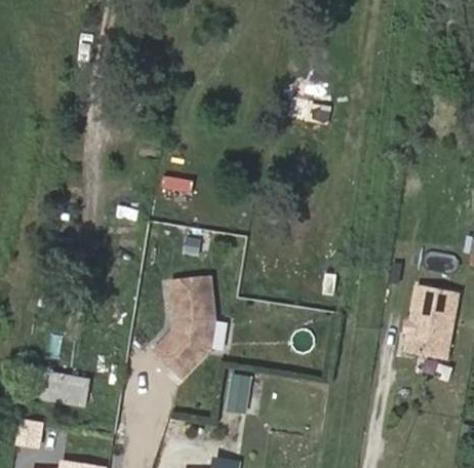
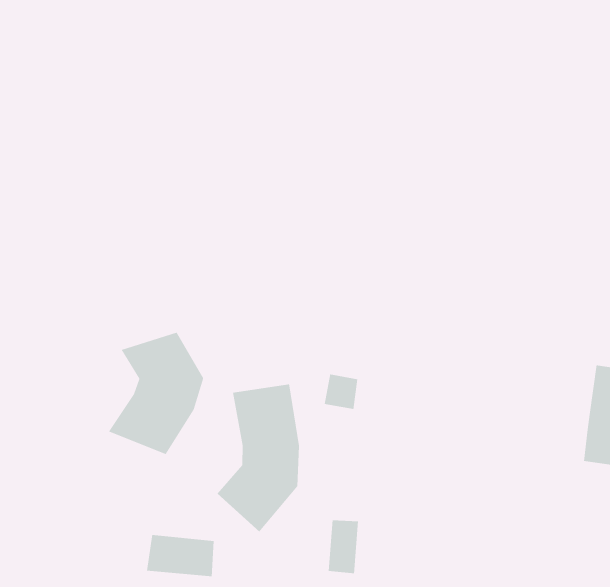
building: none -> [108,332,204,455]
building: [42,373,90,404] -> [146,535,214,577]

